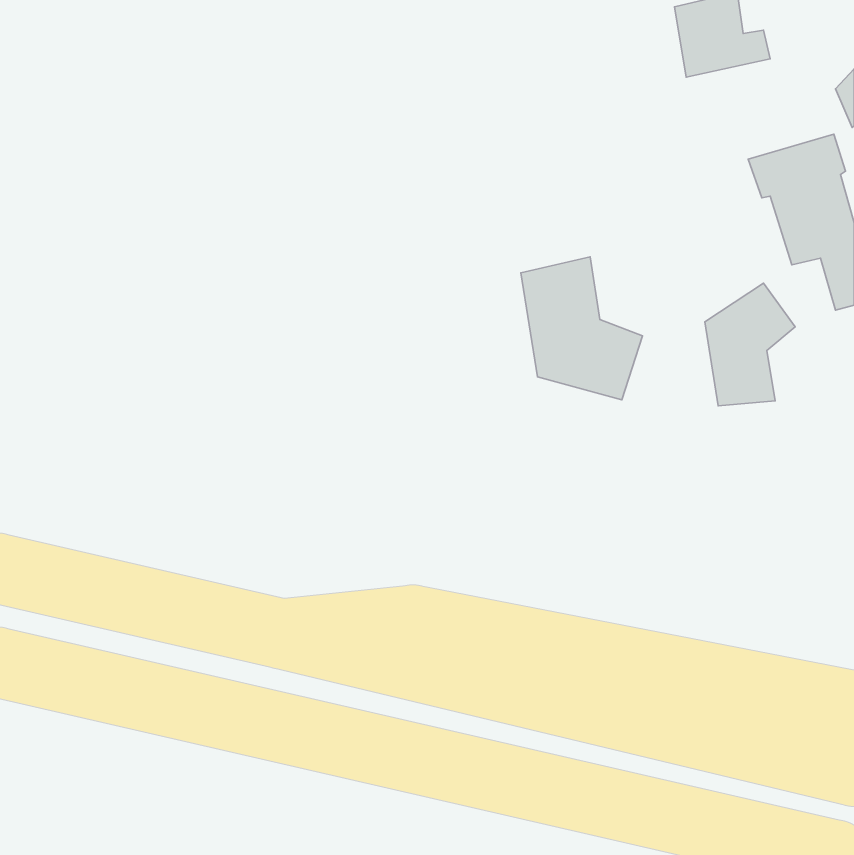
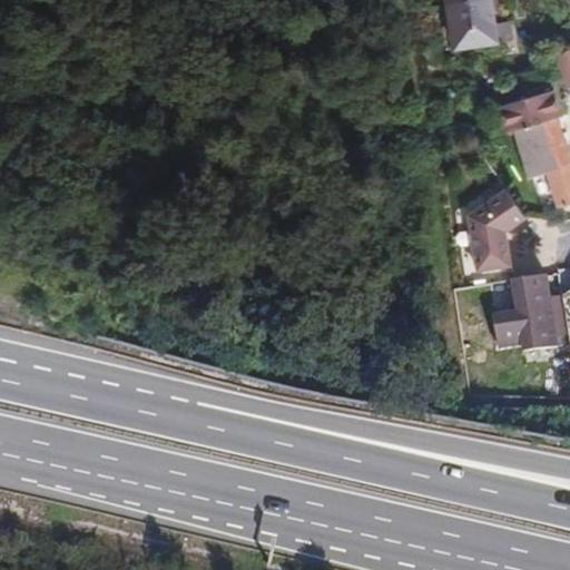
building: [521,257,642,400] -> none
building: none -> [495,274,559,350]

